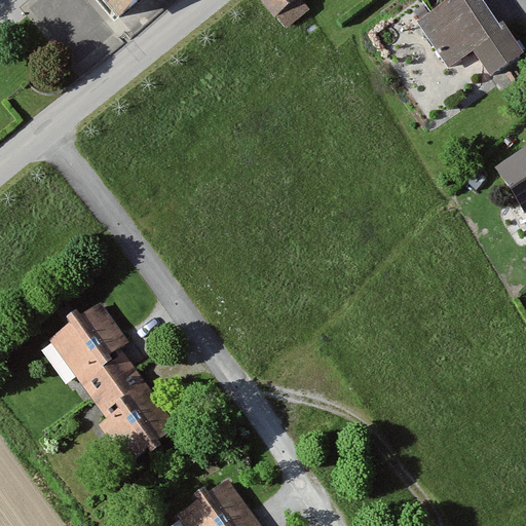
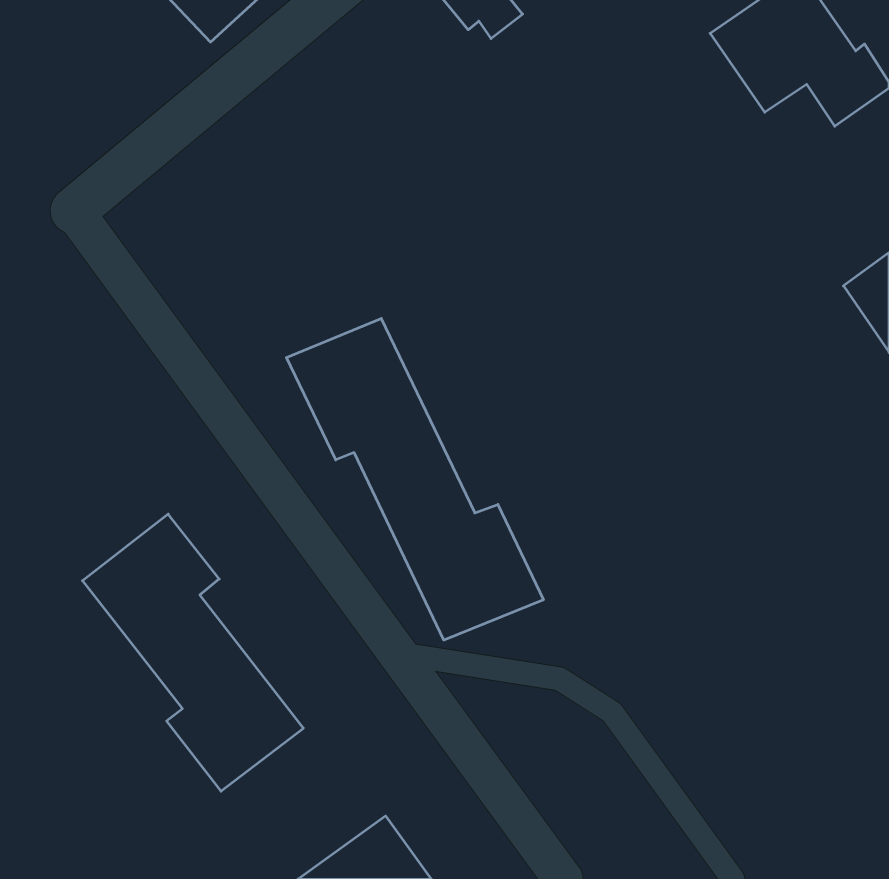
building: none -> [286,318,543,640]

